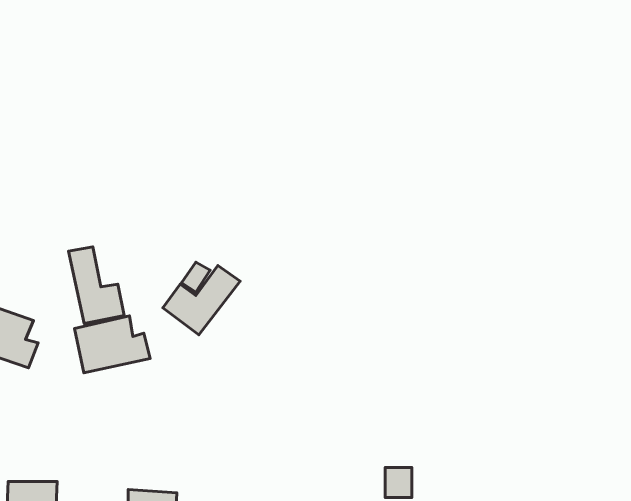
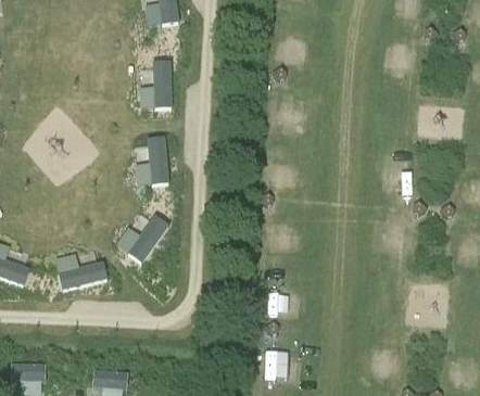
building: none -> [139,61,173,108]
building: none -> [136,137,168,184]
building: [69,247,124,323] -> none

